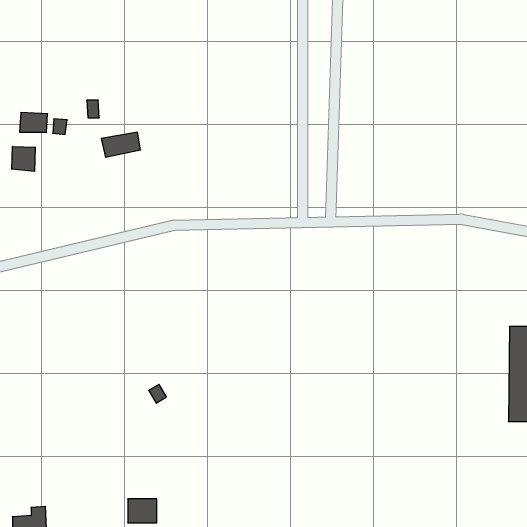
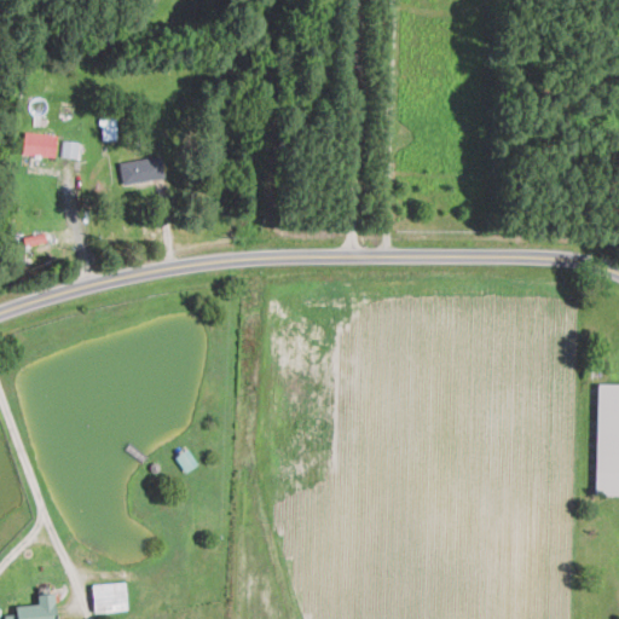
building: [12,146,35,171] -> none
building: [128,499,157,523] -> [92,584,126,612]

